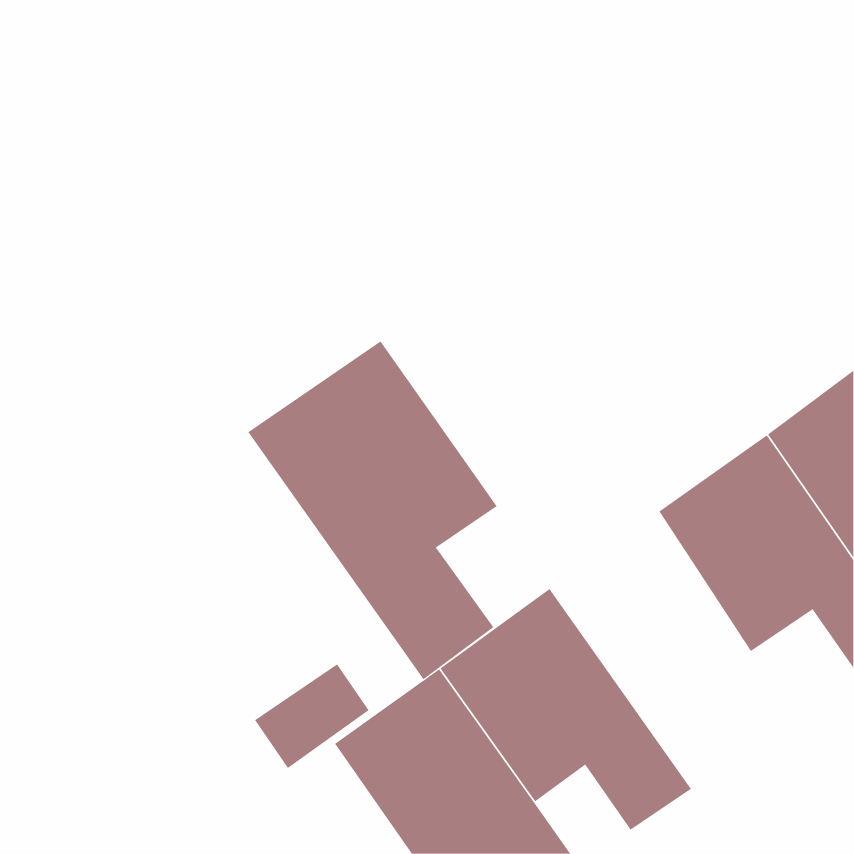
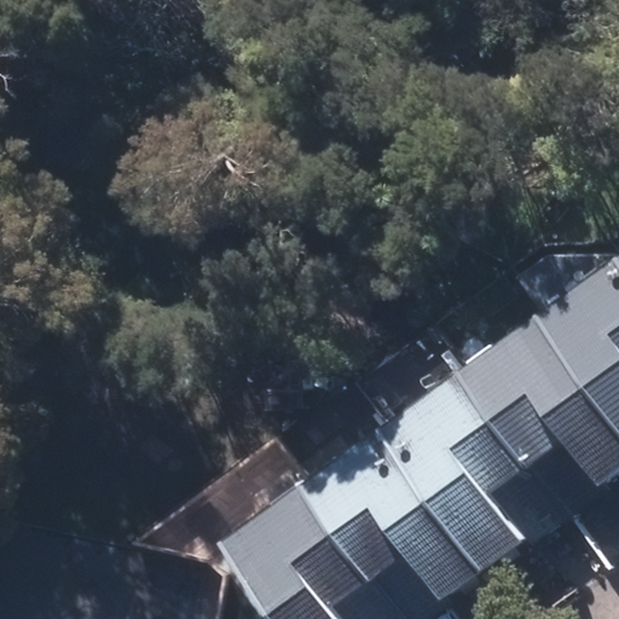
building: [248,340,497,680] -> none
building: none -> [398,370,575,571]

